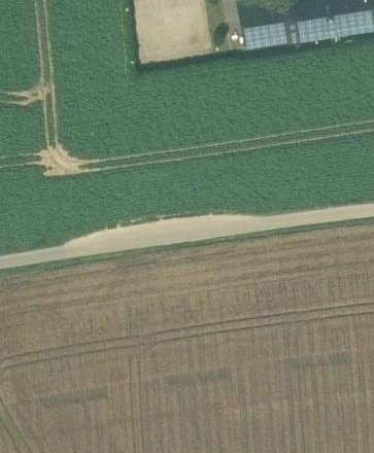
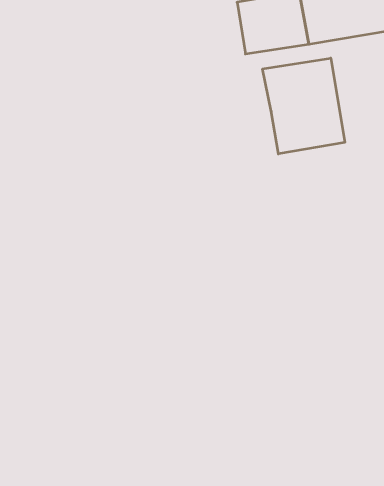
building: none -> [263,58,345,154]

